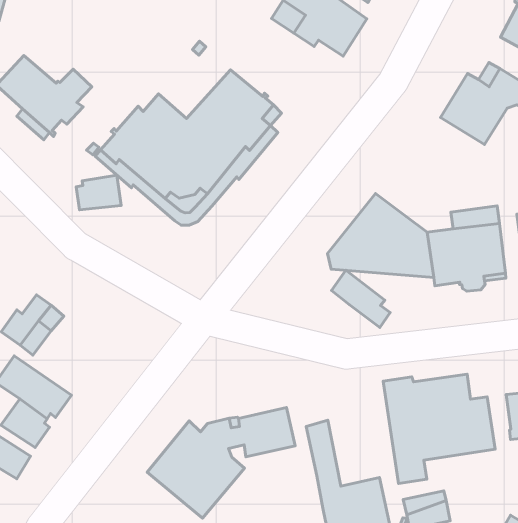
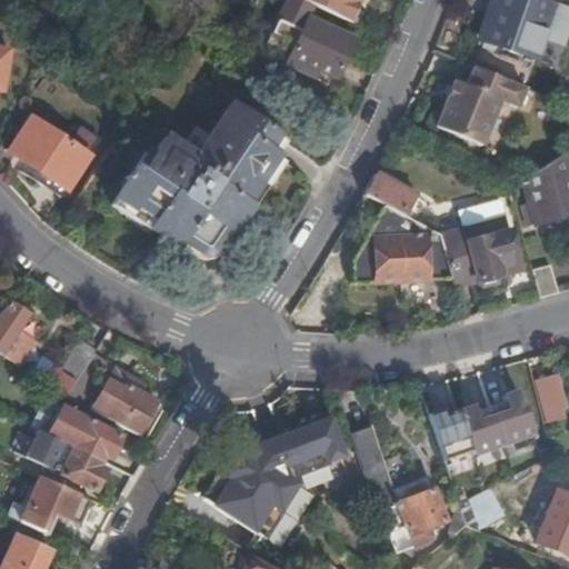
building: [76,175,121,210] -> none
building: [331,270,390,327] -> [368,171,427,221]
building: none -> [89,365,158,435]

